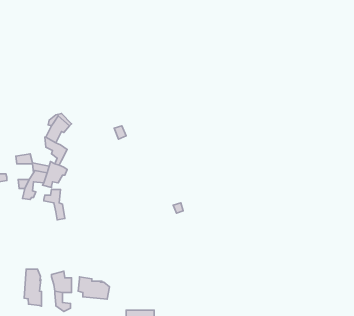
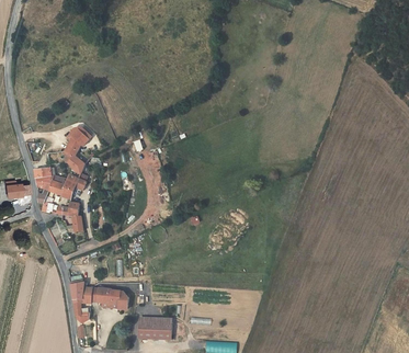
building: [24,269,41,306] -> none

